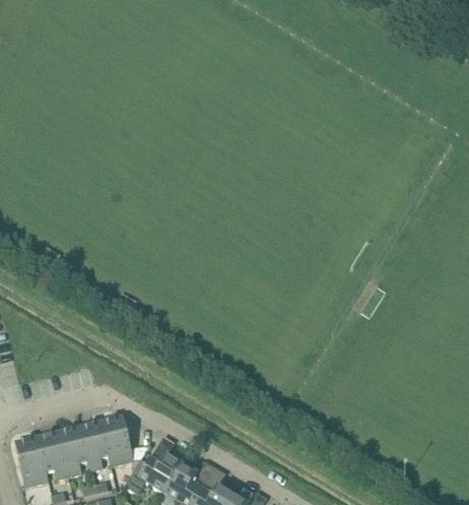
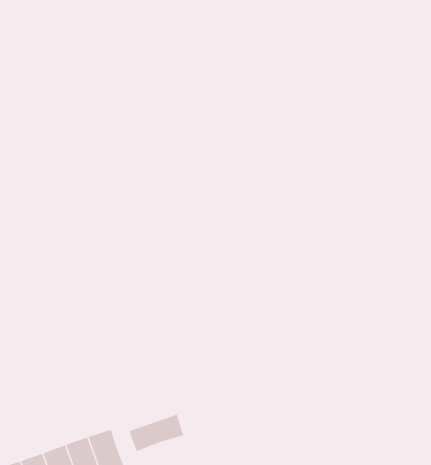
building: none -> [128,414,184,452]

